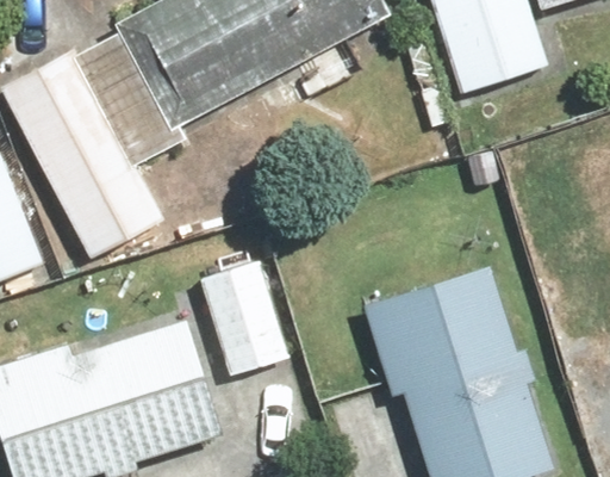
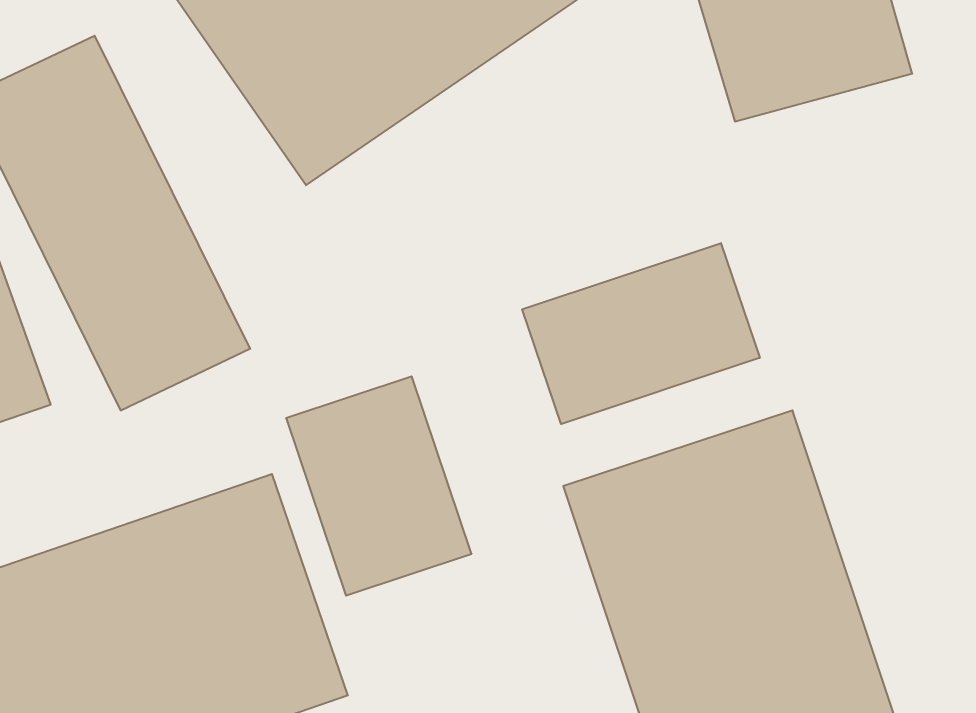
building: none -> [522,243,760,424]

